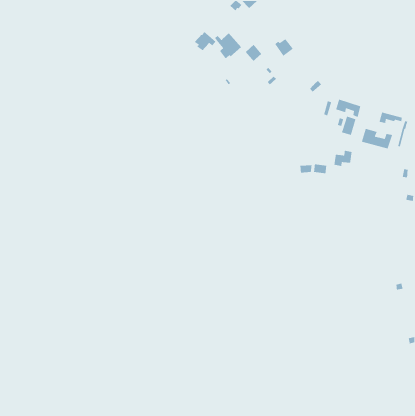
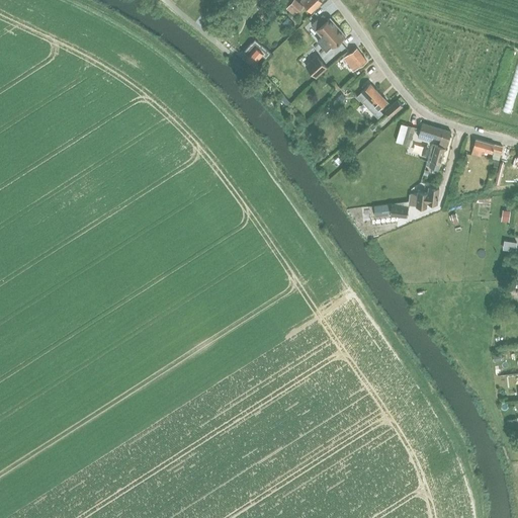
building: [214,33,242,59] -> [311,17,345,51]
building: none -> [356,83,385,117]
building: [361,128,393,150] -> none

